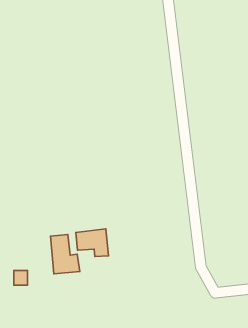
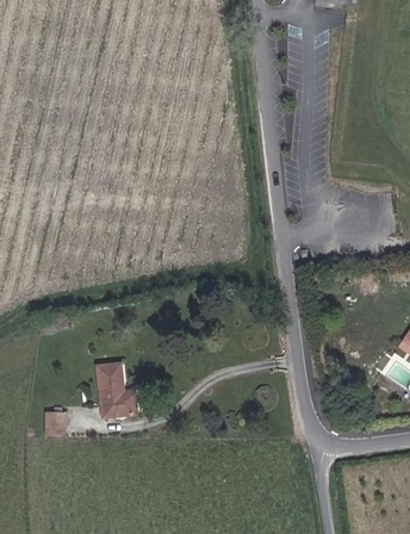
building: [76,229,109,256] -> none

